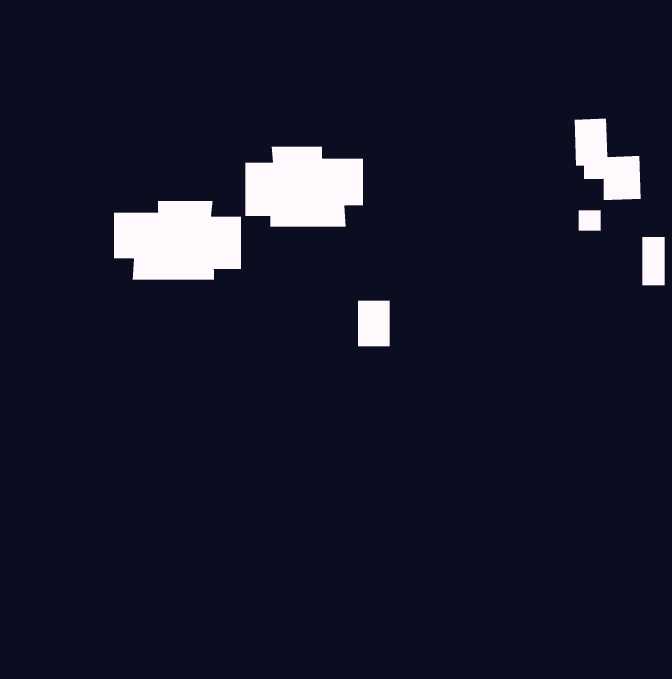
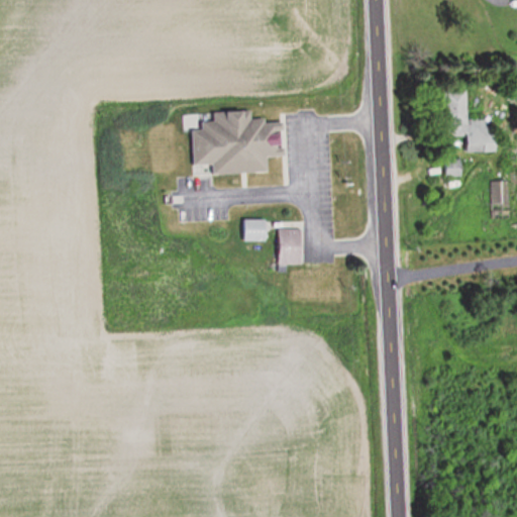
building: [114,200,241,280] -> none
building: none -> [241,219,267,240]

